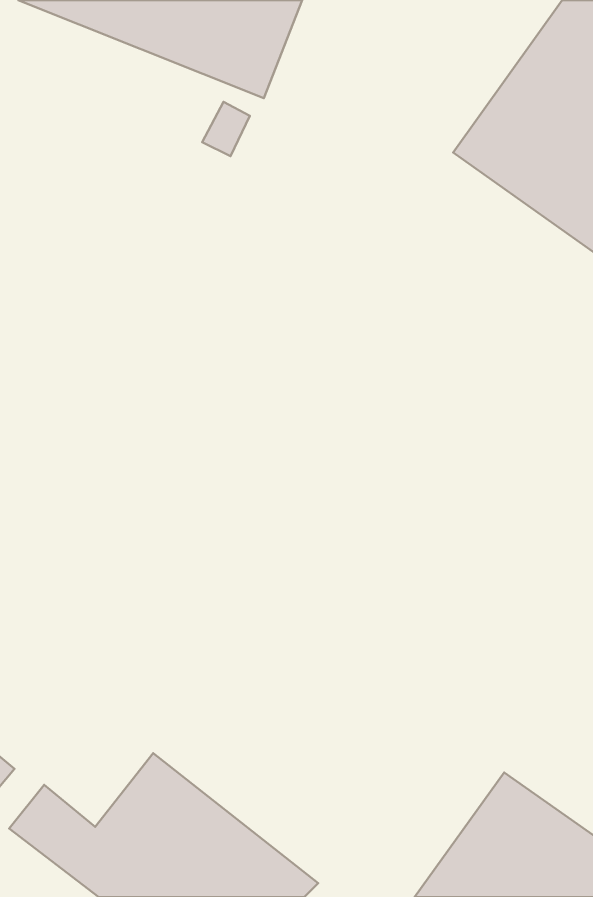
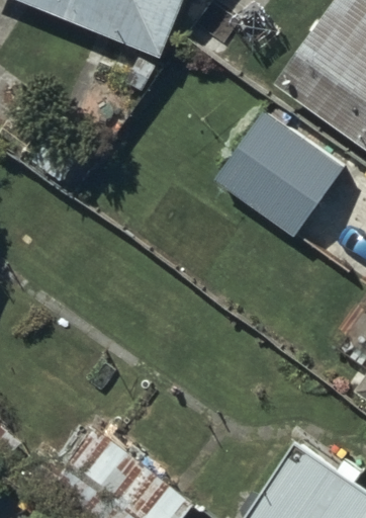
building: none -> [218,113,342,235]

